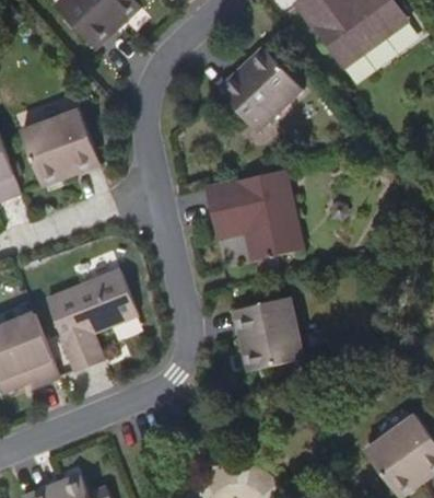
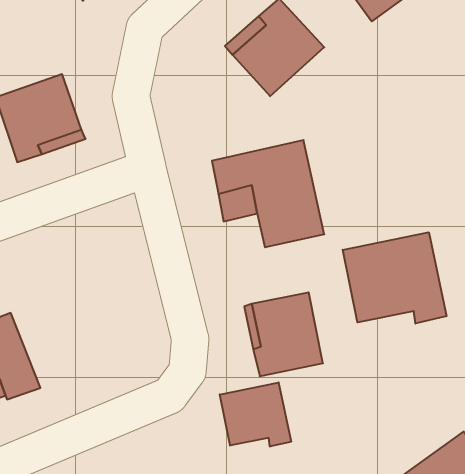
building: none -> [343,232,446,324]
building: [46,273,137,371] -> none
building: none -> [220,382,291,447]

